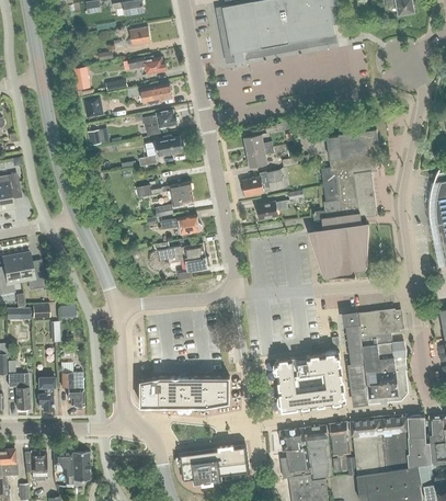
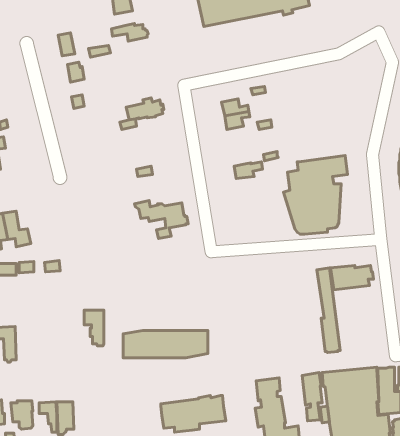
building: [137,83,173,105] -> none
building: [145,111,179,136] -> none
building: [321,129,379,201] -> none
building: [242,171,281,196] -> none
building: [136,182,194,205] -> none
building: [160,215,202,235] -> none
building: [362,331,403,398] -> none
building: [276,352,346,410] -> none
building: [61,372,82,409] -> [84,310,104,346]
building: [37,377,55,410] -> none
building: [305,424,333,479] -> none

